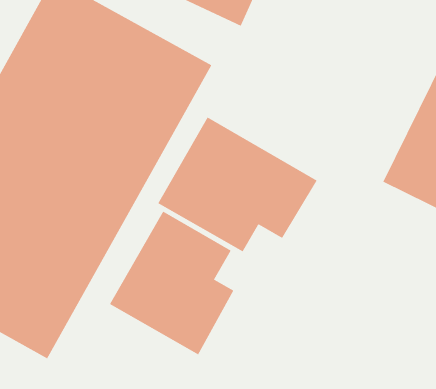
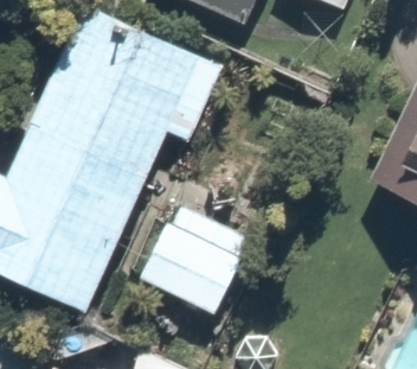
building: [158,117,317,252] -> none

